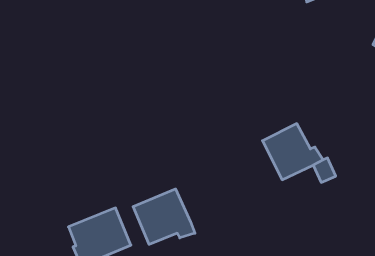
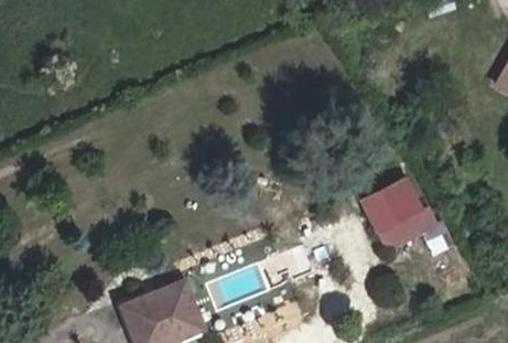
building: [133,189,195,244] -> none

